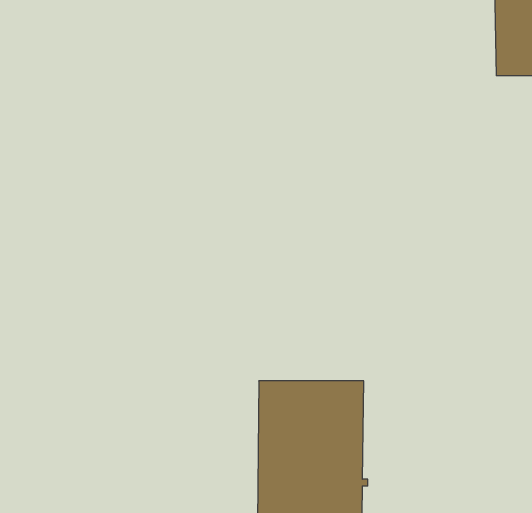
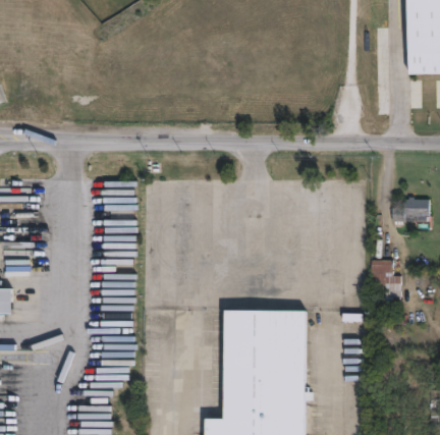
building: none -> [390,197,428,222]
building: none -> [371,261,400,297]

